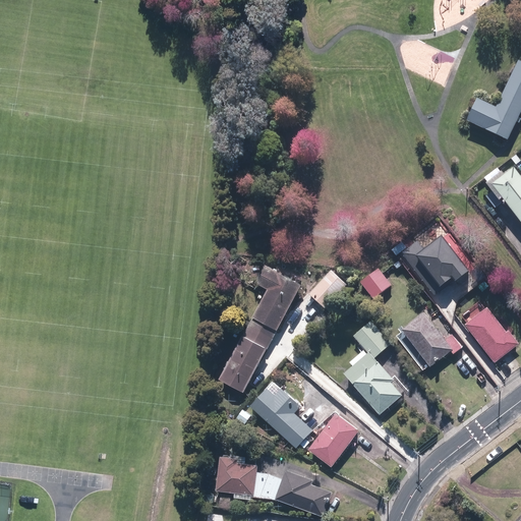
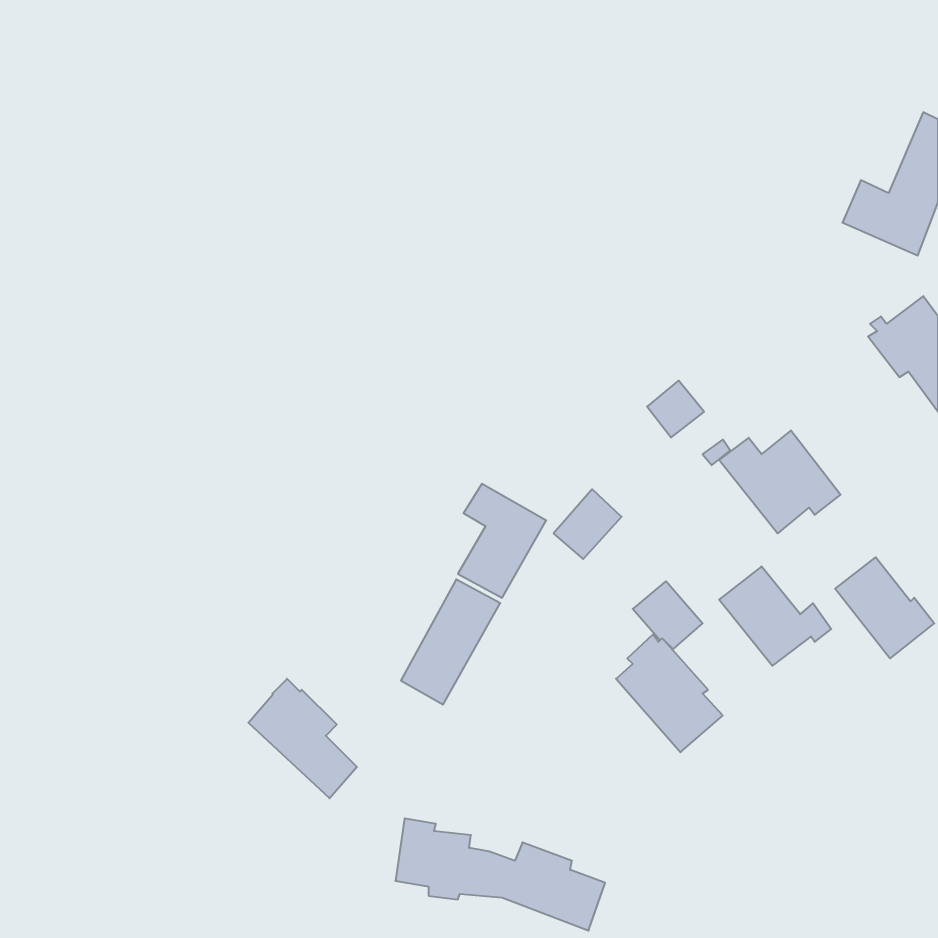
building: [358,269,390,300] -> [647,381,704,438]
building: [253,380,313,446] -> [248,679,357,798]
building: [310,409,362,464] -> none

